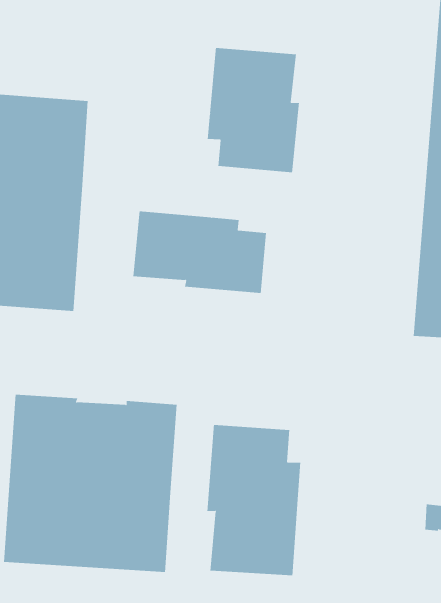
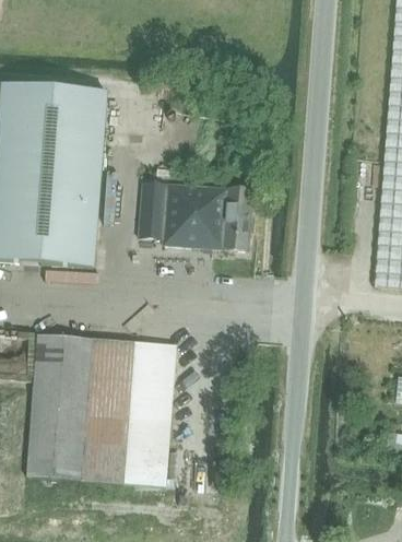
building: [207,47,299,173] -> none
building: [207,424,301,576] -> none

